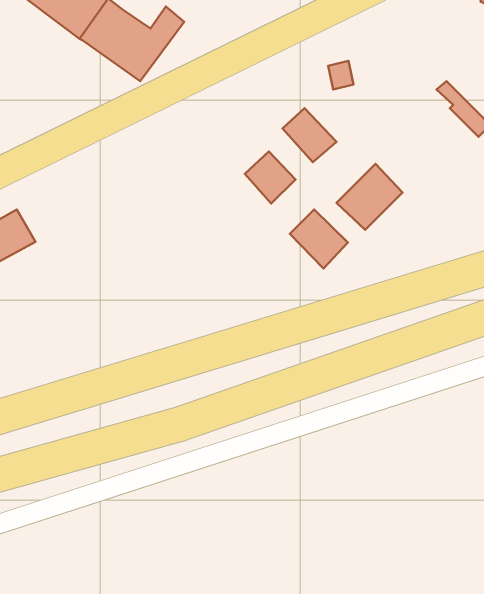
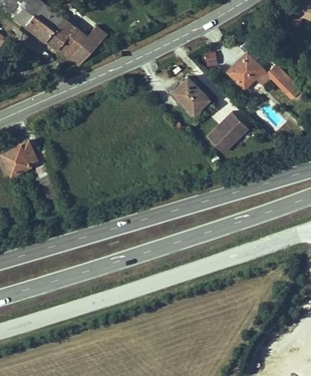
building: none -> [227,53,262,88]
building: [245,152,295,203] -> none
building: [290,210,348,268] -> none

